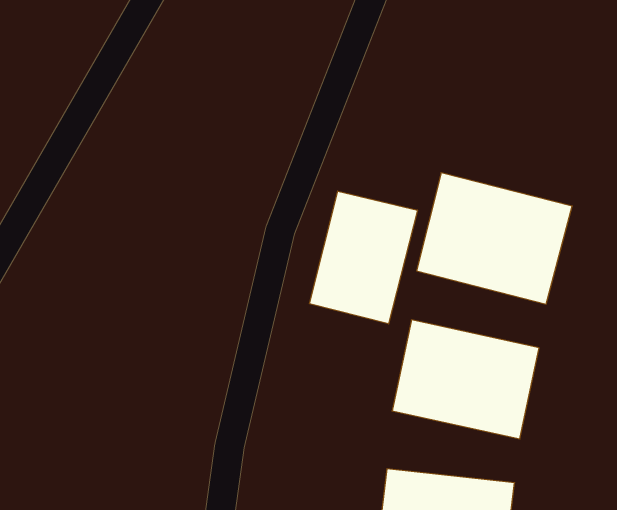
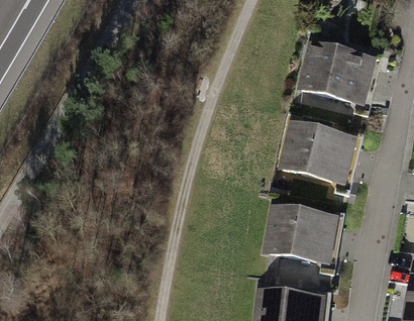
building: none -> [297,38,382,109]
building: [310,191,417,324] -> none

